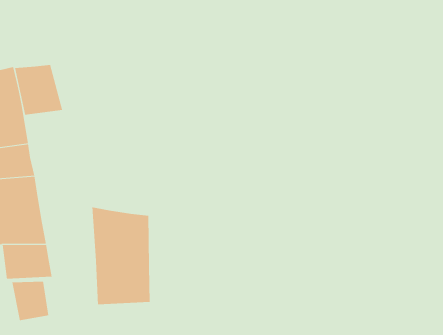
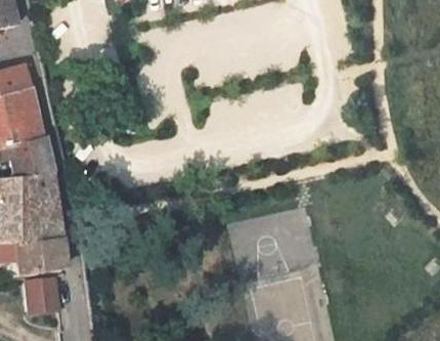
building: [15,64,63,116] -> none
building: [92,206,150,305] -> none

